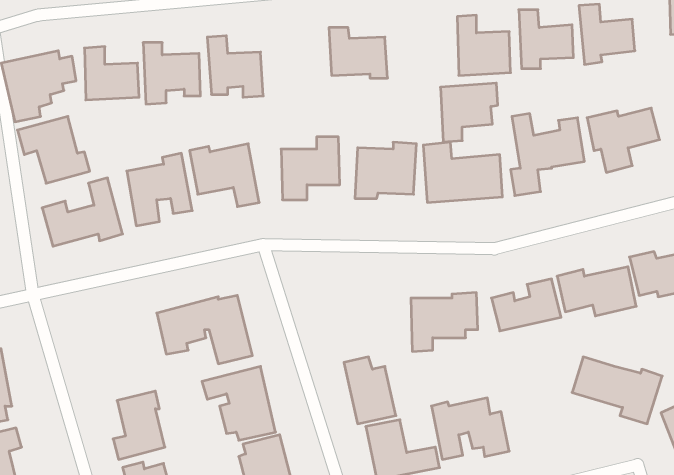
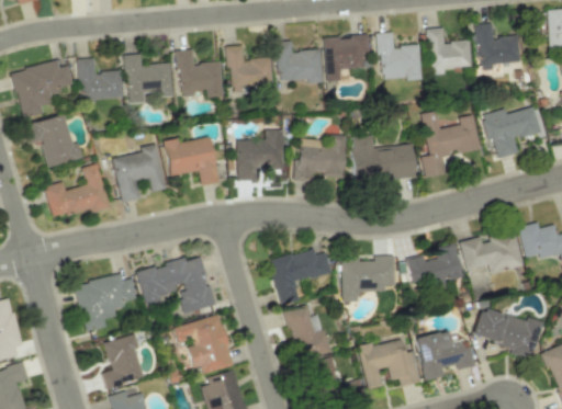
building: none -> [226,46,272,92]
building: [440,83,498,142] -> [324,35,370,82]
building: none -> [270,249,333,306]
building: none -> [76,275,137,332]
building: none -> [415,331,475,382]

